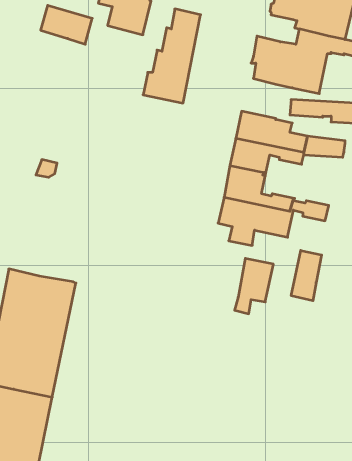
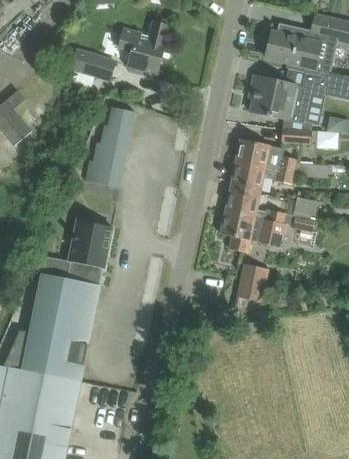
building: [143,9,201,103] -> [85,106,134,186]
building: none -> [68,219,111,283]
building: [291,250,322,301] -> none

